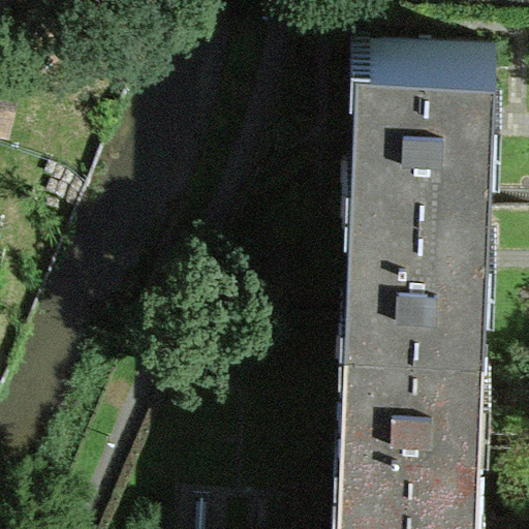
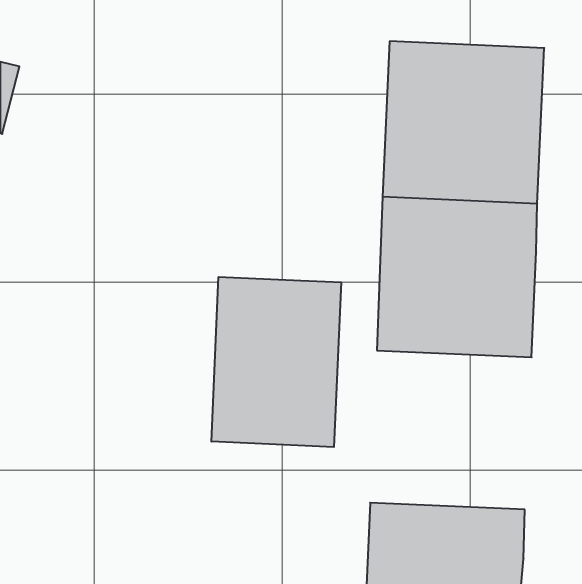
building: none -> [211,277,341,447]
building: [337,317,483,461] -> none

